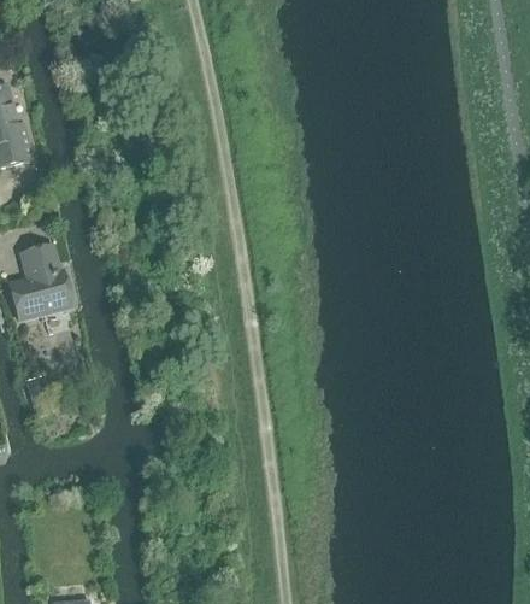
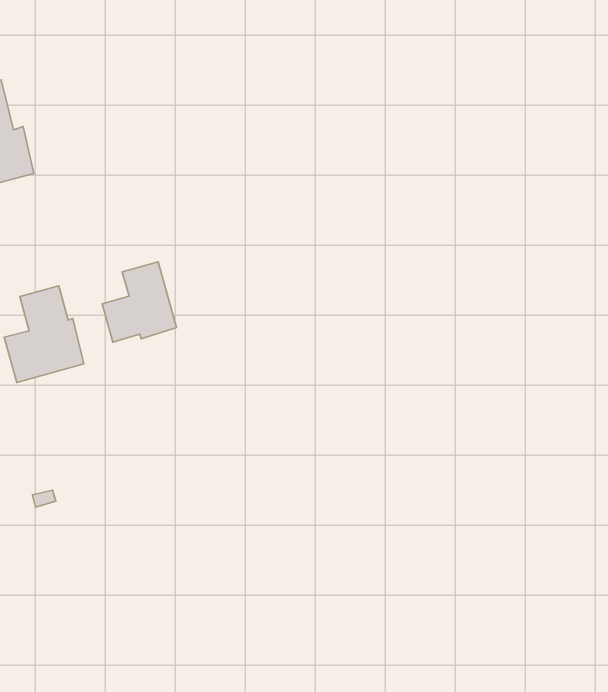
building: none -> [102,262,176,342]

